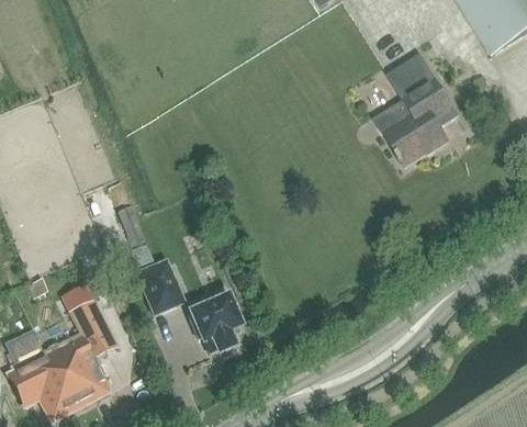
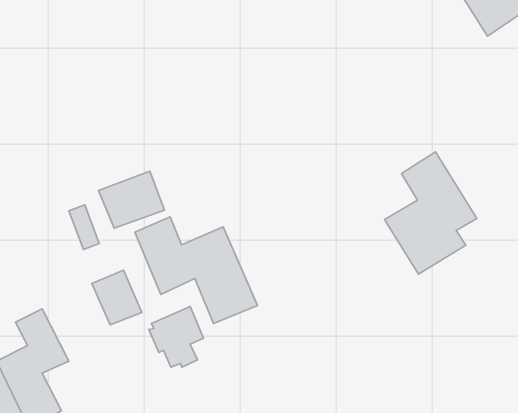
building: [372,54,456,165] -> [385,152,477,274]
building: none -> [98,171,165,228]
building: none -> [135,217,258,324]

